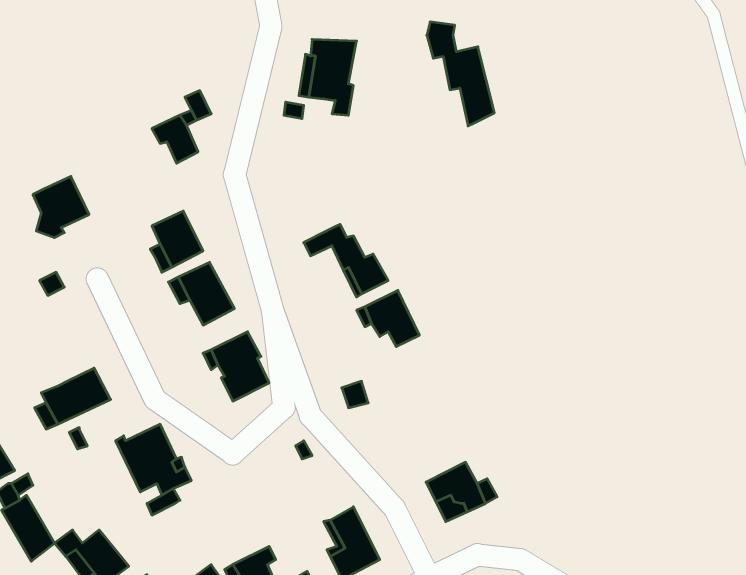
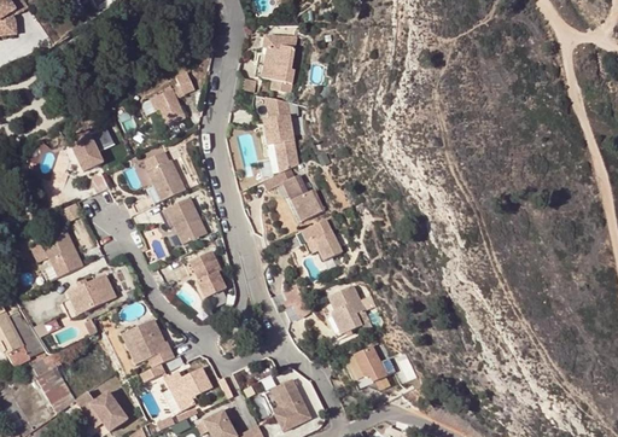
building: [427,22,494,126] -> [251,94,301,170]
building: none -> [41,232,83,279]
building: none -> [323,282,367,334]
building: none -> [165,367,212,412]

